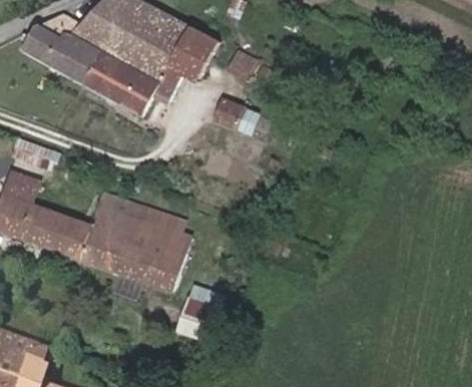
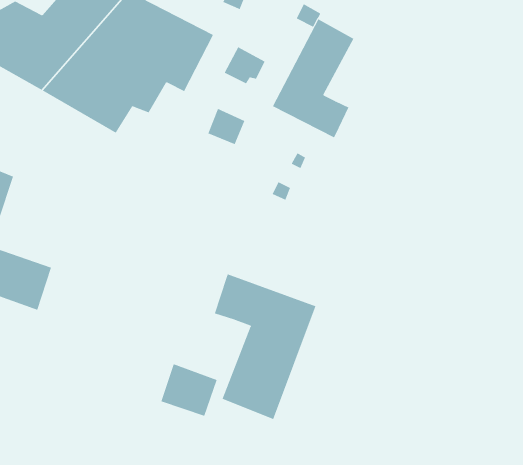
building: none -> [272,19,354,138]
building: [80,191,190,294] -> none
building: none -> [214,274,316,420]

